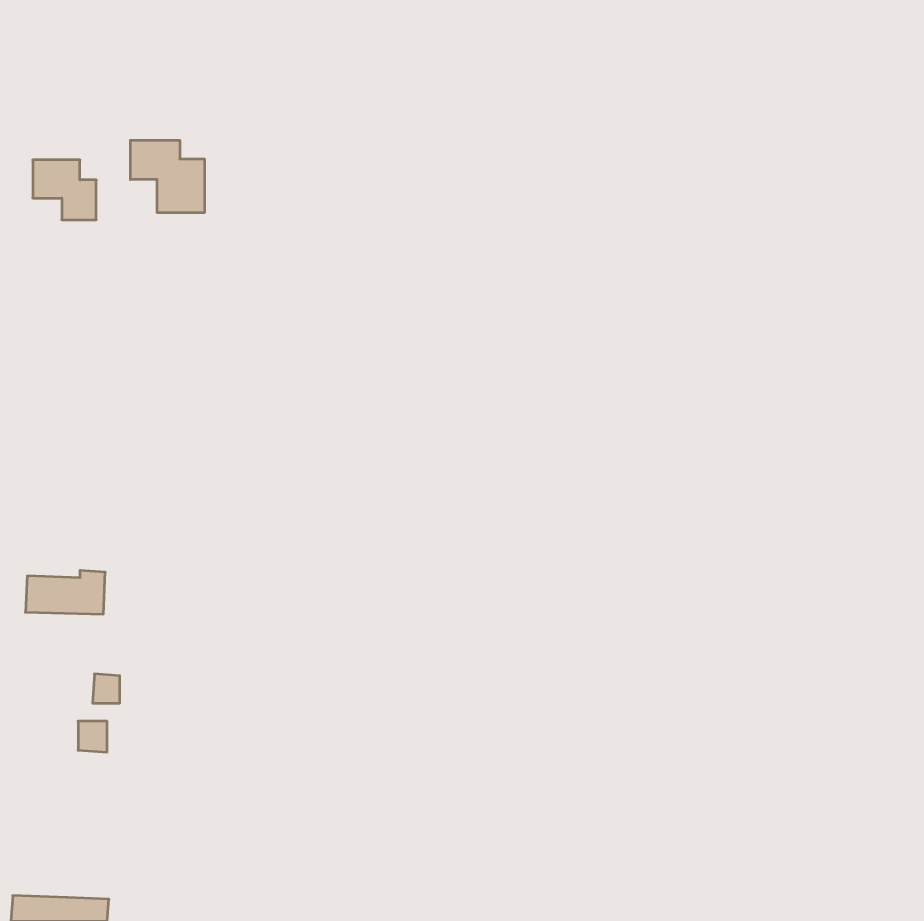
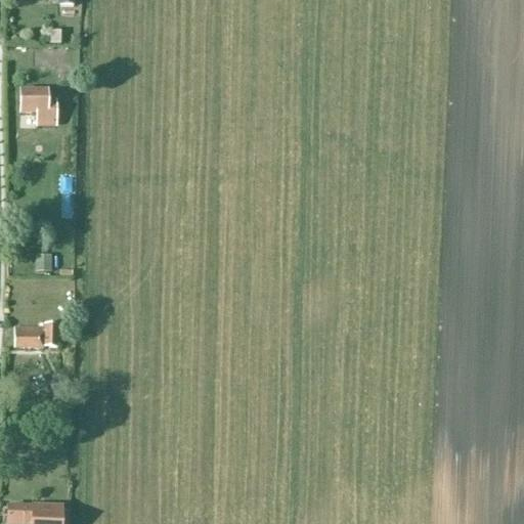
building: [130,140,204,213] -> none

